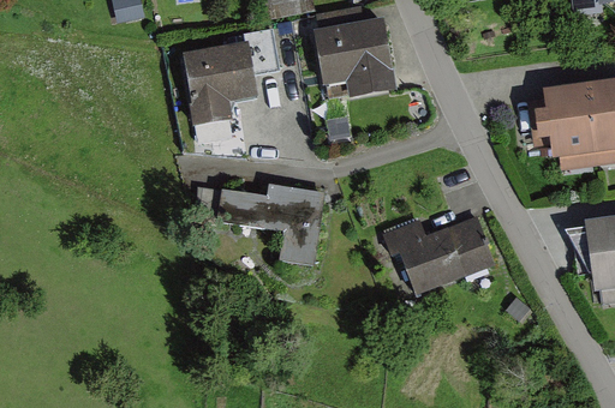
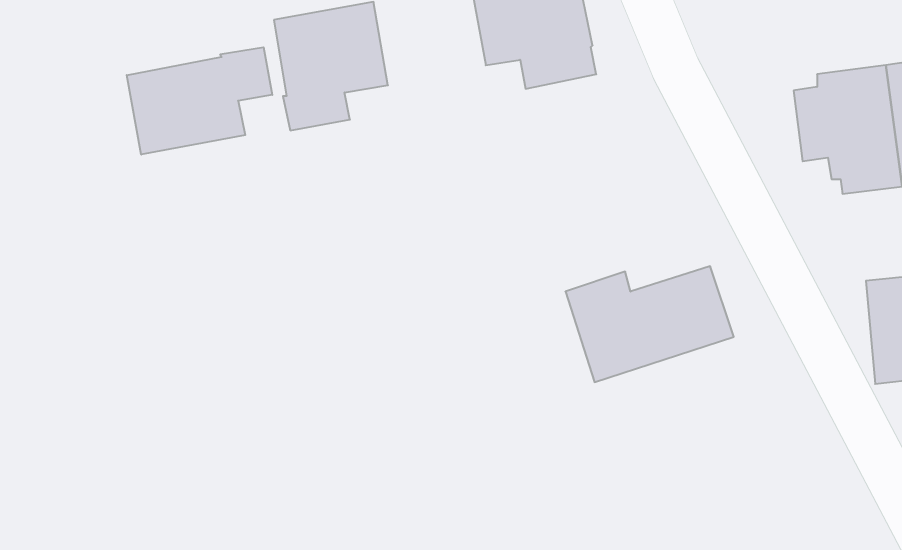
building: none -> [127,47,272,155]
building: [221,187,322,266] -> none

